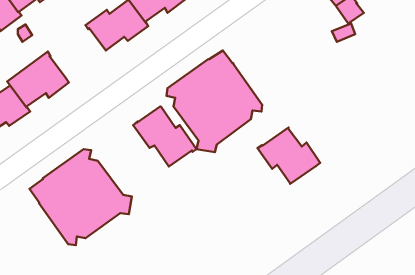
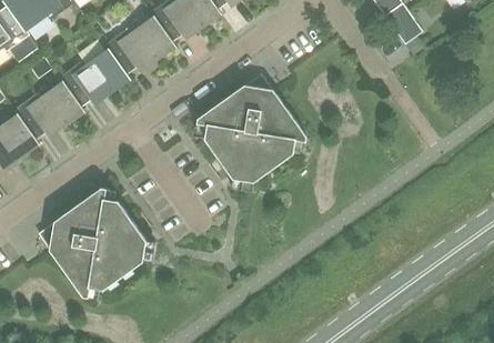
building: none -> [62,49,130,107]
building: [133,107,197,166] -> none
building: [258,127,320,184] -> none

